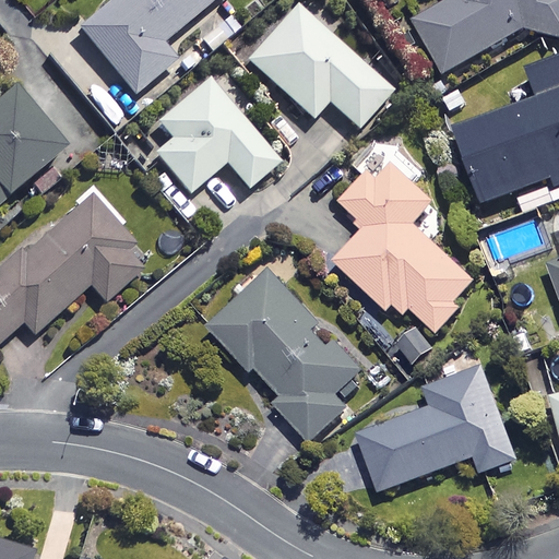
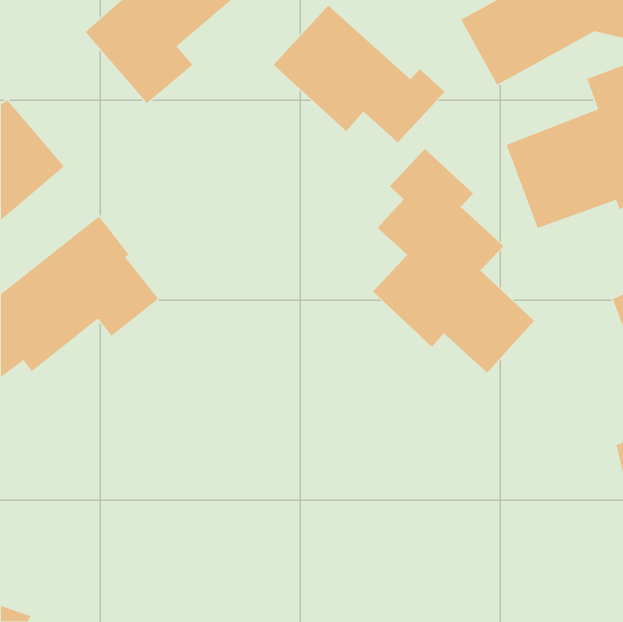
building: [154,78,277,192] -> none
building: [209,270,357,442] -> none
building: [357,365,516,491] -> none

